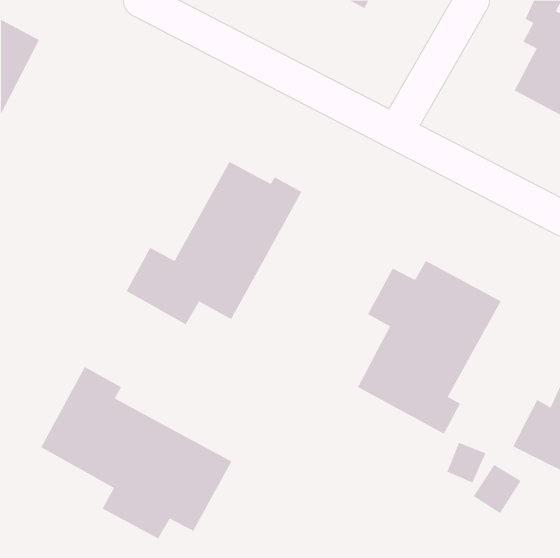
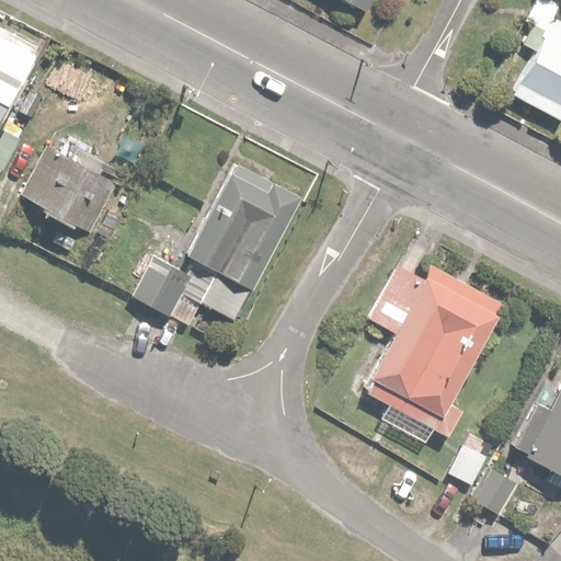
building: none -> [26,134,131,237]
building: [41,366,232,539] -> none

